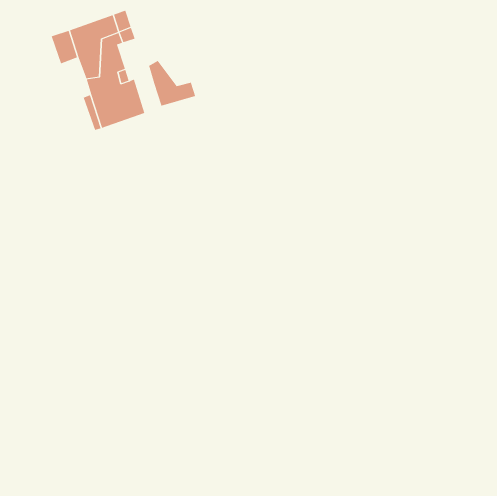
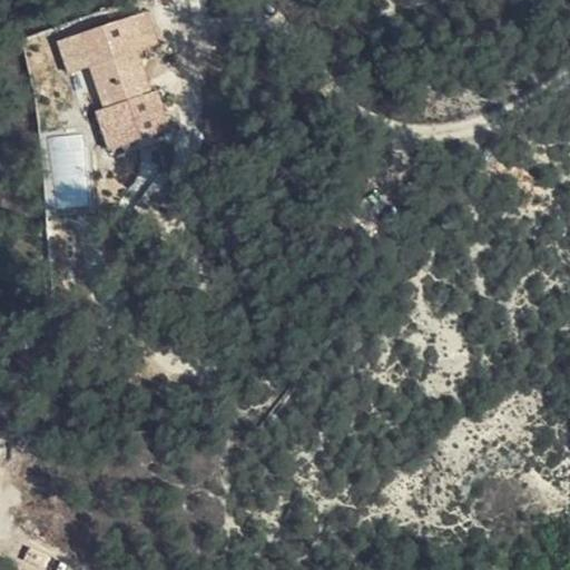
building: [148,60,196,107] -> none

